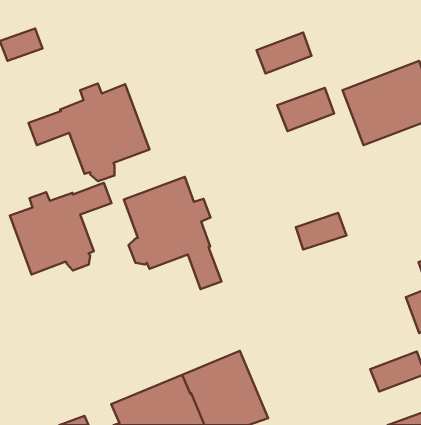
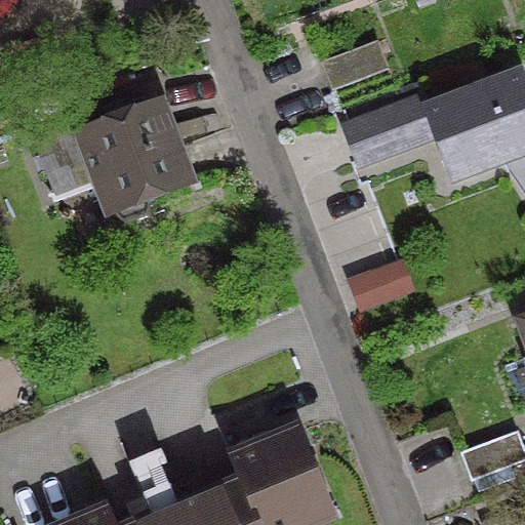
building: [124,177,222,289] -> none
building: [10,183,111,274] -> none

